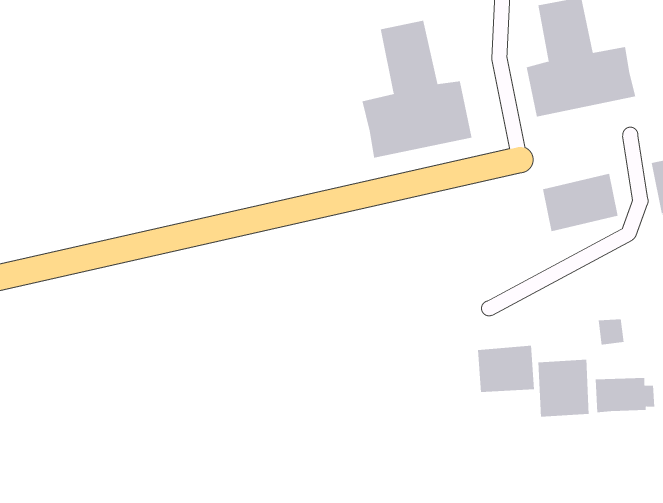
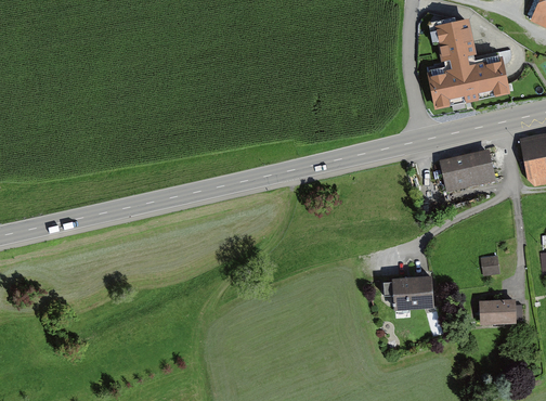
building: [362,20,472,159] -> none
building: [538,359,589,418] -> none

